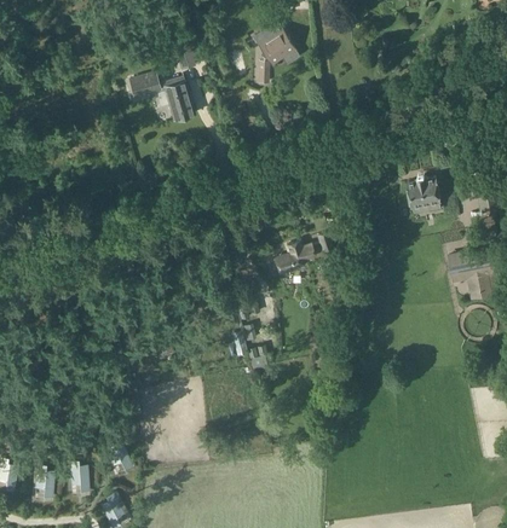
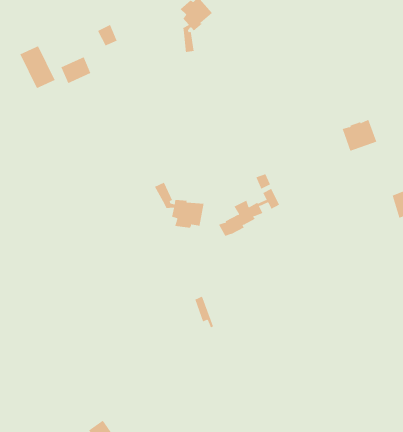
building: [161,70,194,114] -> [20,45,56,89]
building: none -> [154,182,204,228]

